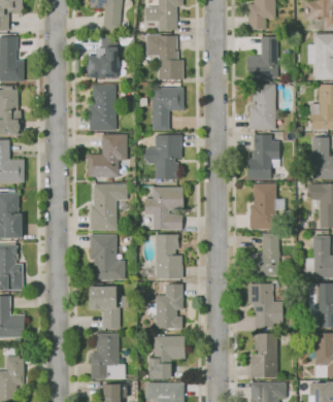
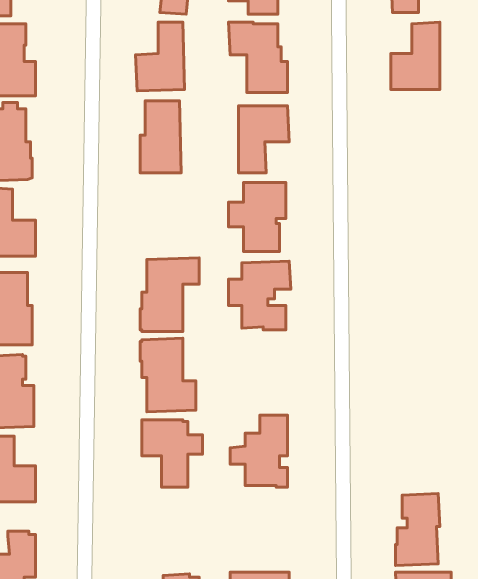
building: [248,78,282,128] -> none
building: [248,133,279,178] -> none
building: [88,135,127,176] -> none
building: [249,182,286,229] -> none
building: [156,232,182,278] -> none
building: [246,233,279,275] -> none
building: [248,282,284,327] -> none
building: [91,333,126,378] -> none
building: [149,335,186,378] -> none

